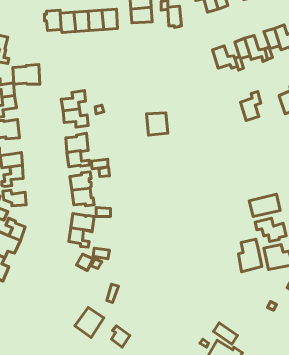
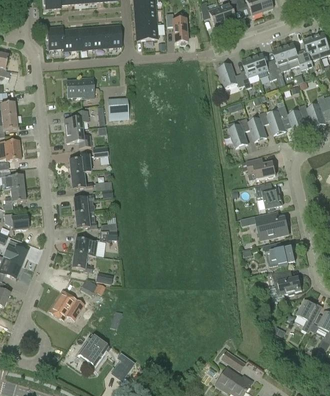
building: [13,65,40,84] -> [67,77,95,97]
building: none -> [268,105,289,134]
building: none -> [228,118,251,147]
building: [146,113,168,135] -> [108,97,130,120]
building: none -> [247,159,276,179]
building: none -> [255,182,283,208]
building: [238,239,262,272] -> none
building: none -> [49,290,84,320]

